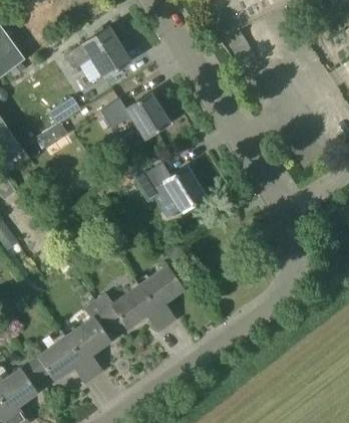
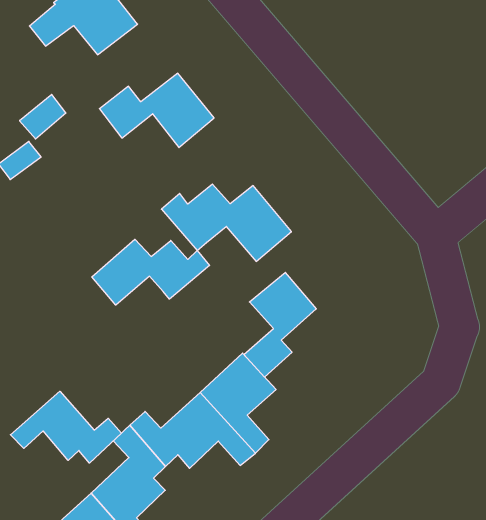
building: none -> [92,239,210,305]
building: none -> [244,272,316,377]
building: none -> [10,391,121,463]

